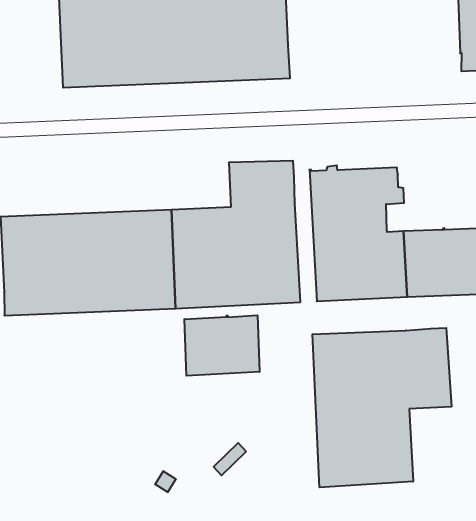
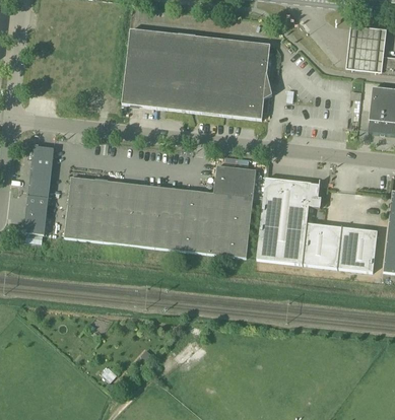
building: [184,315,259,376] -> none
building: [312,328,451,487] -> none

